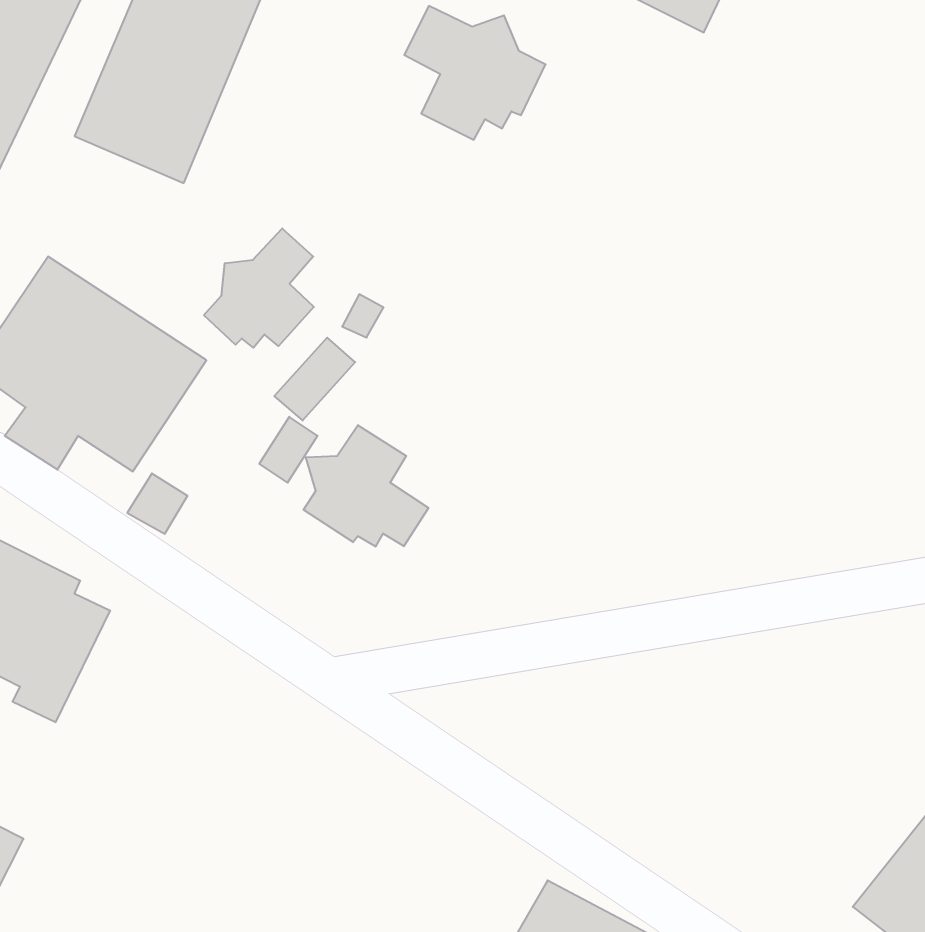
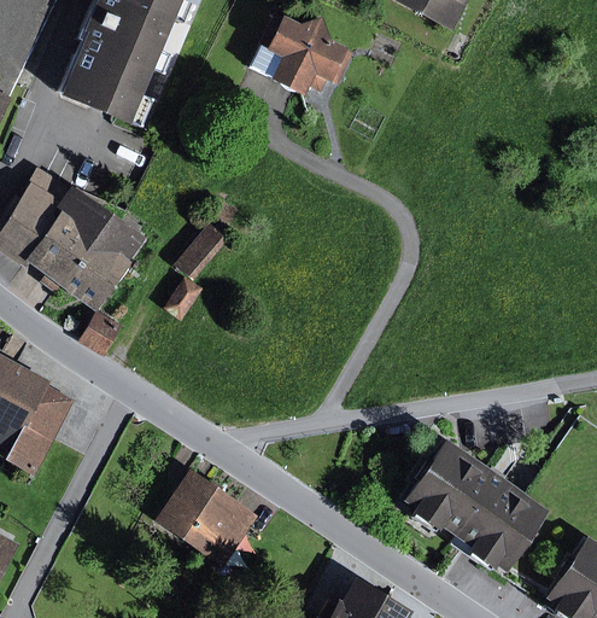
building: [204,228,314,348] -> none
building: [304,425,428,547] -> none
building: none -> [404,431,558,575]
building: none -> [151,473,252,567]

